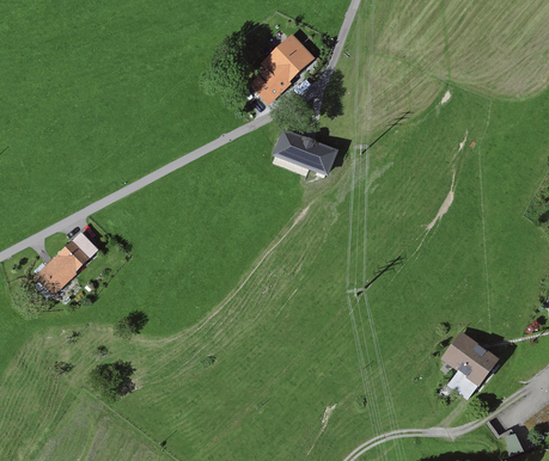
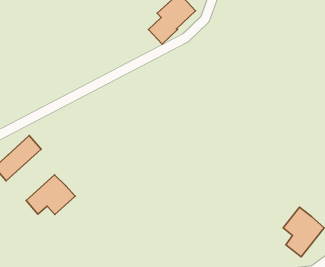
building: [274,129,335,176] -> none
building: none -> [26,175,75,215]

